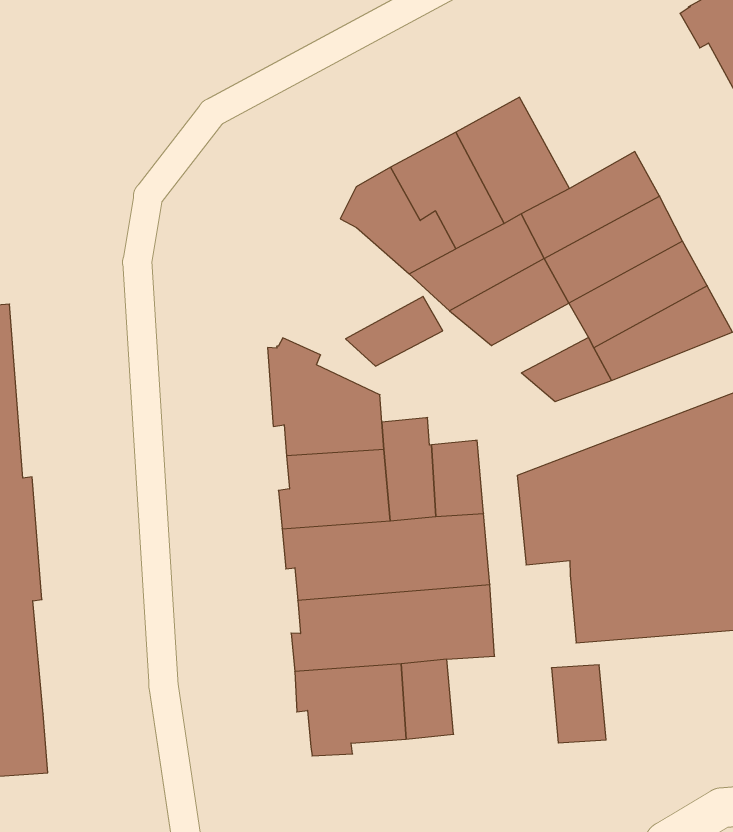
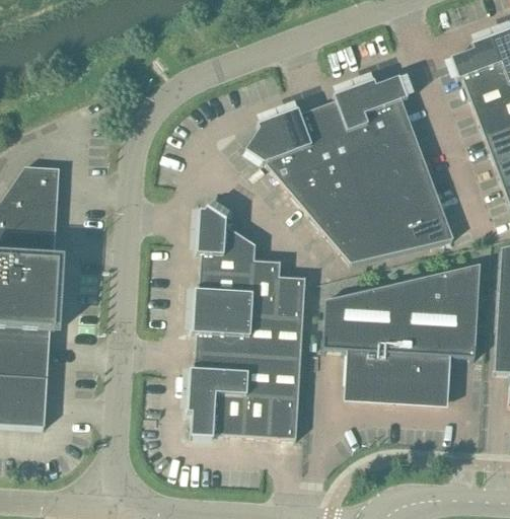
building: none -> [355,79,414,147]
building: [346,296,443,366] -> [320,210,374,244]
building: [551,665,606,743] -> [270,395,298,439]

